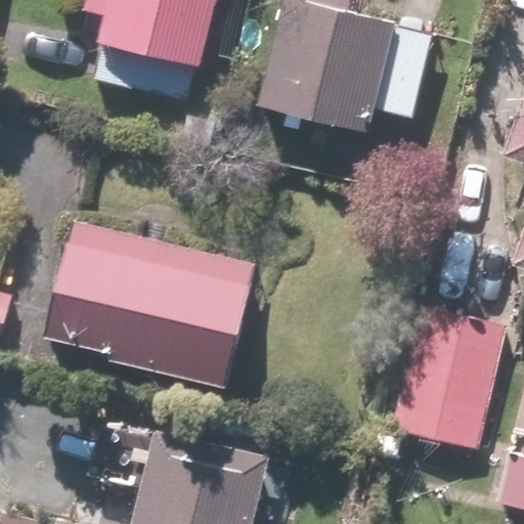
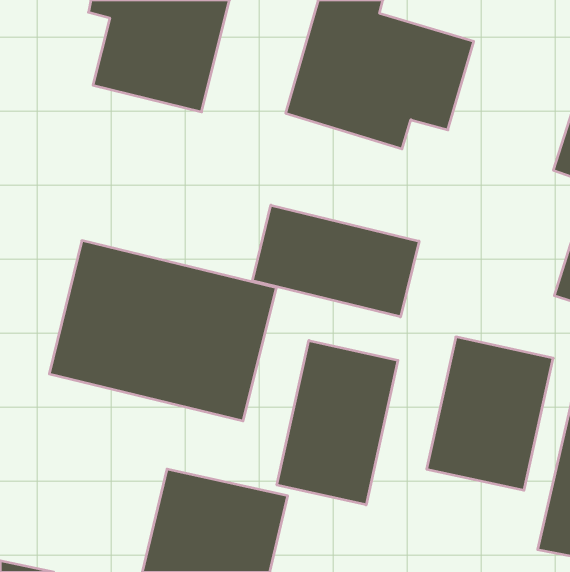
building: none -> [252,205,419,317]
building: none -> [277,340,398,505]

